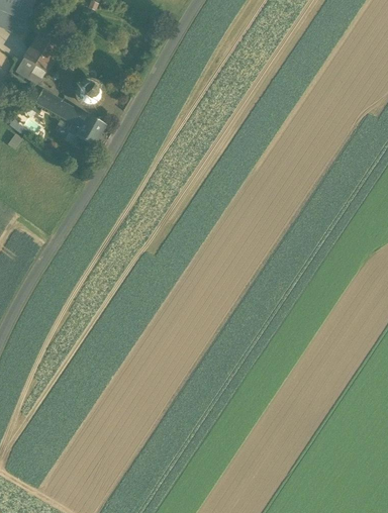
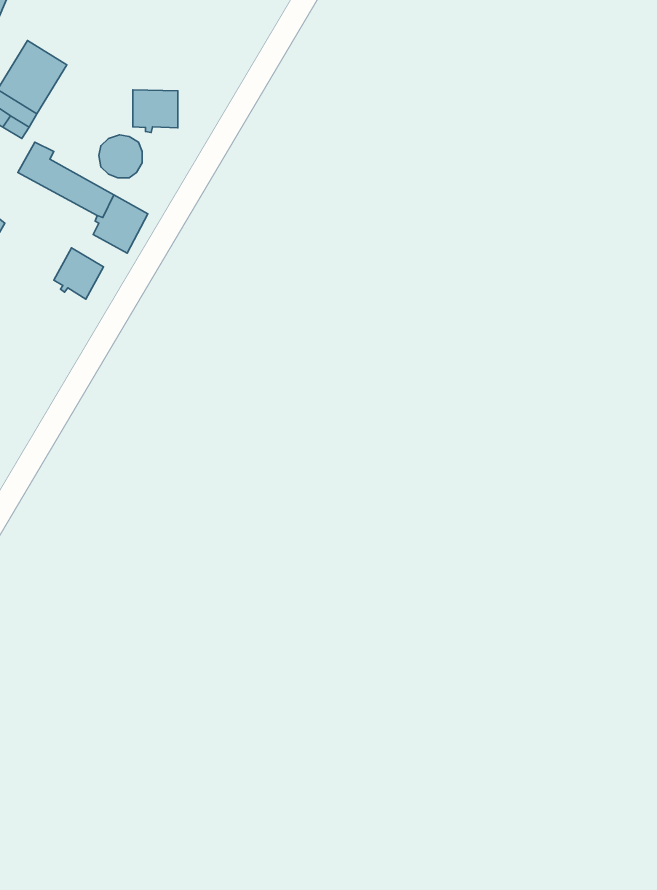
building: none -> [133,90,178,132]
building: none -> [54,248,104,299]

